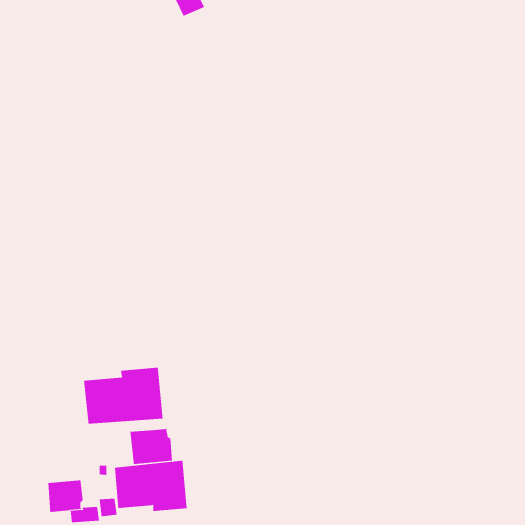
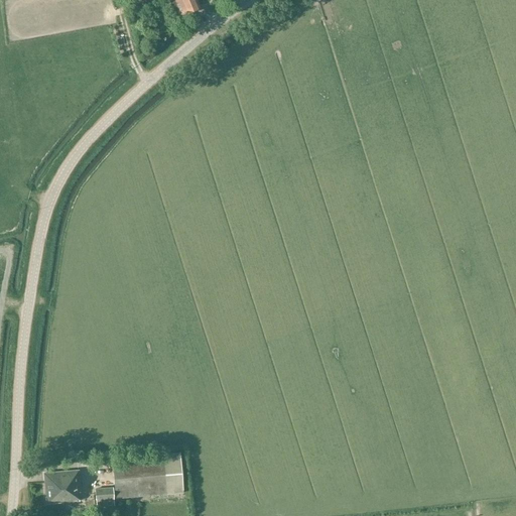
building: [84,367,163,425] -> none
building: [130,428,173,465] -> none

